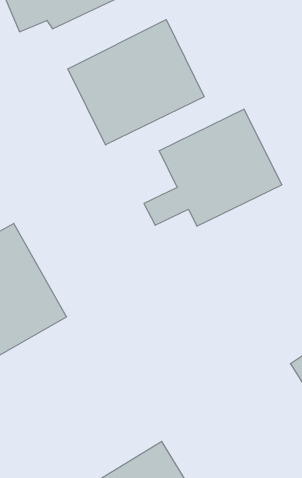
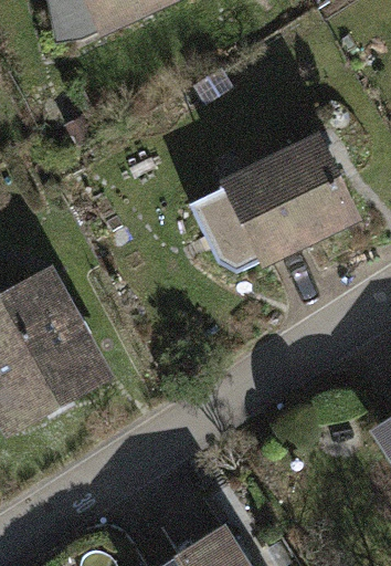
building: [68,20,204,145] -> none

